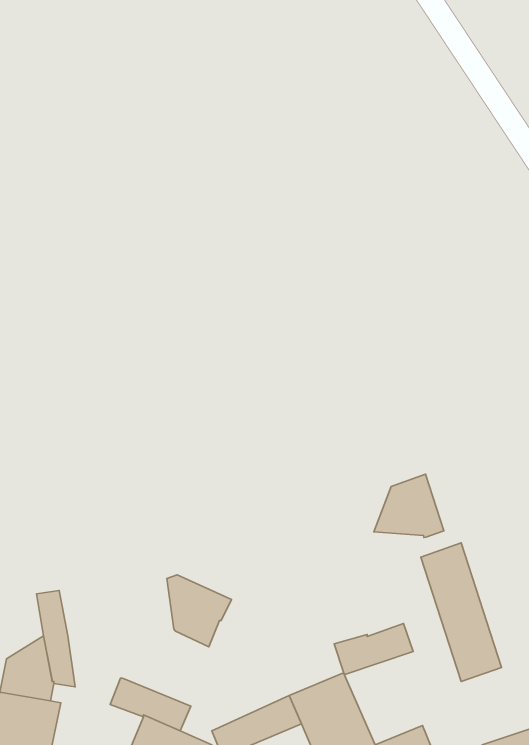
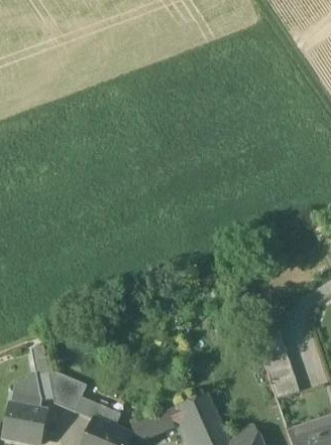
building: [374,474,444,538] -> none
building: [167,575,232,647] -> [49,370,87,412]
building: [334,623,413,674] -> none

